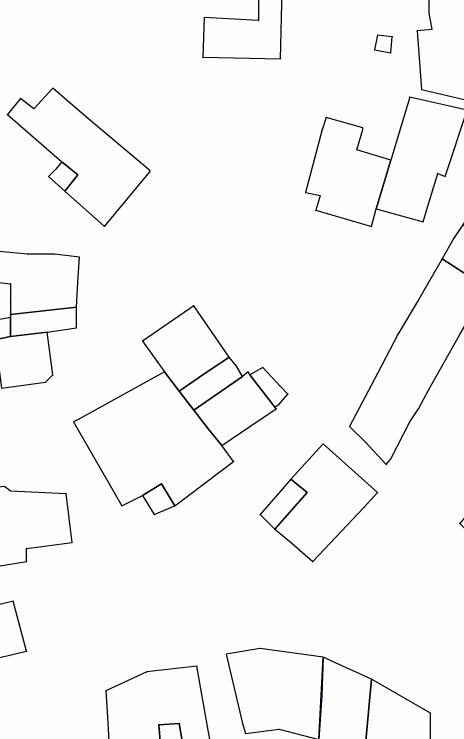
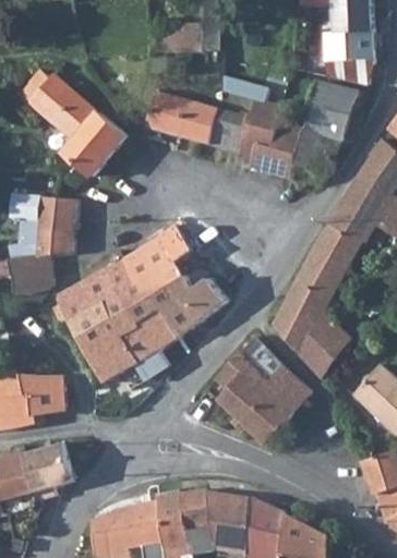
building: none -> [144,88,252,150]
building: none -> [55,260,135,320]
building: none -> [300,311,352,376]
building: none -> [245,373,312,441]
building: none -> [23,444,71,502]
building: none -> [158,489,193,550]

